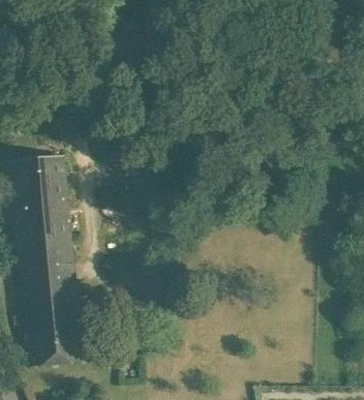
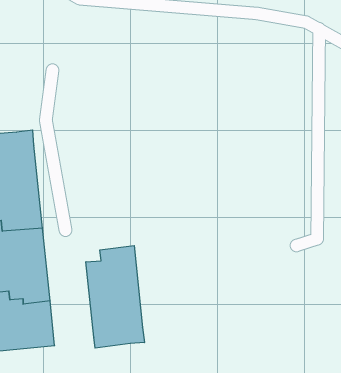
building: none -> [86,246,144,348]

